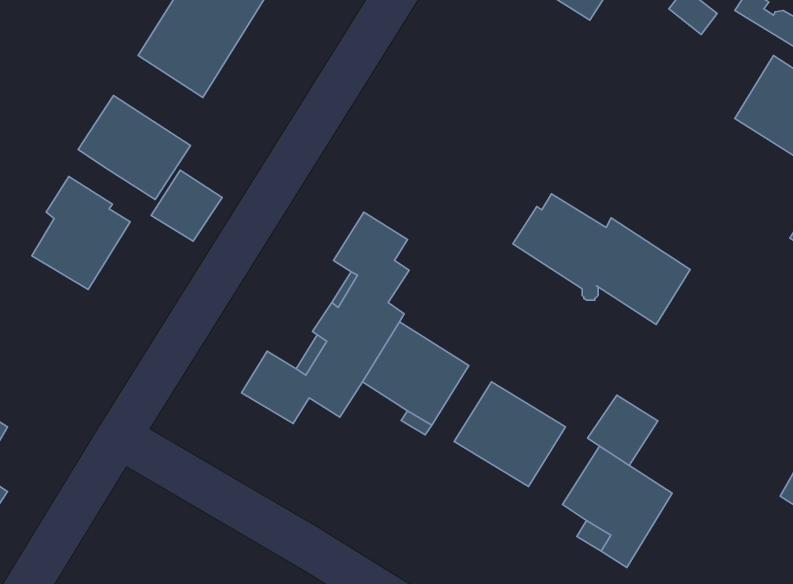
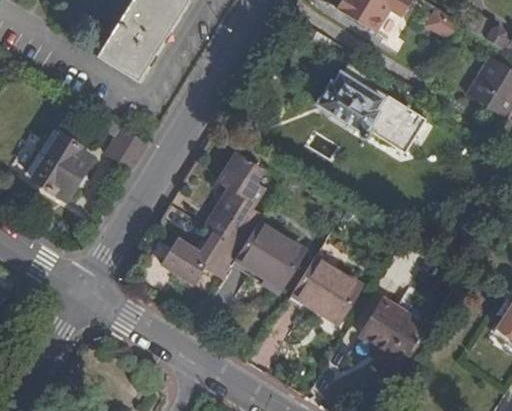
building: [78,96,190,199] -> none
building: [513,194,690,324] -> [316,72,426,153]
building: [588,395,658,466] -> none

